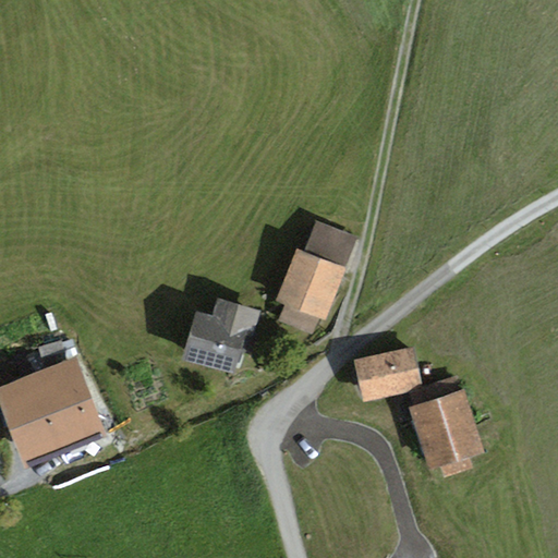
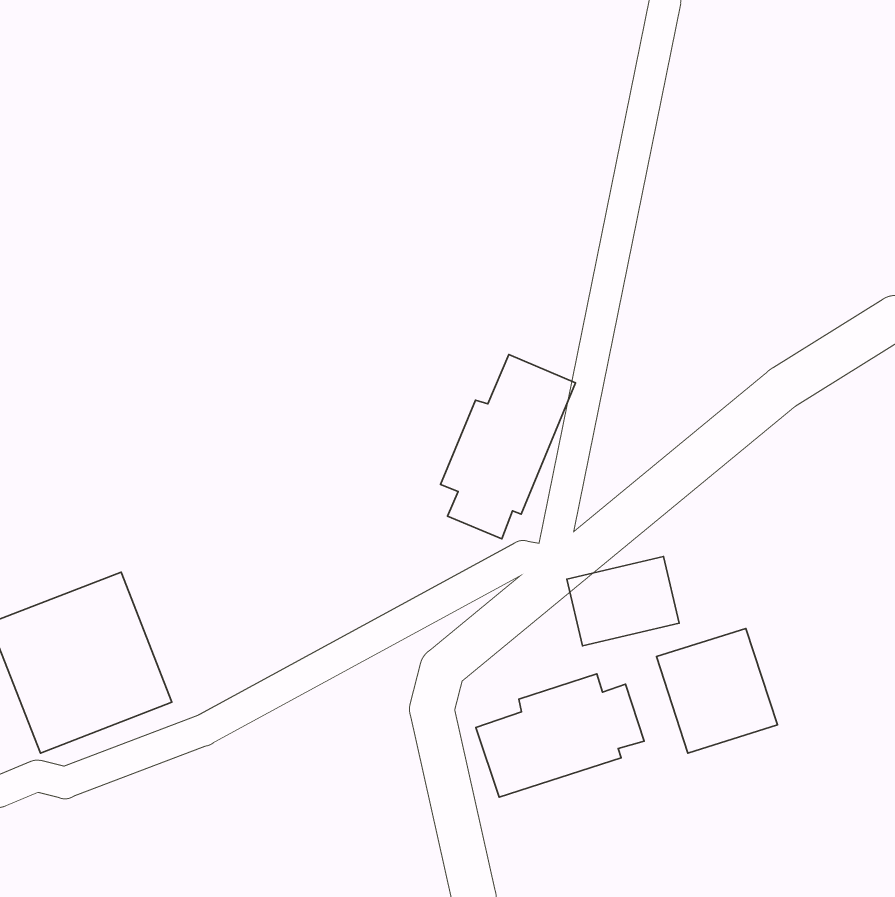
building: [180,298,259,373] -> none
building: none -> [476,674,644,797]

